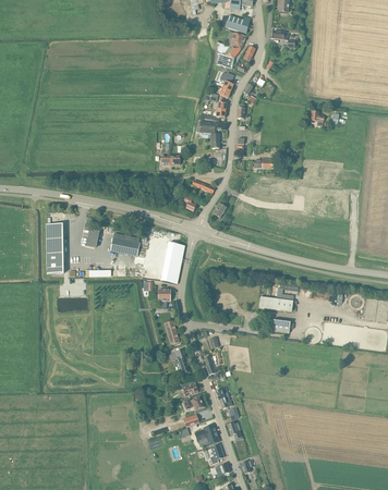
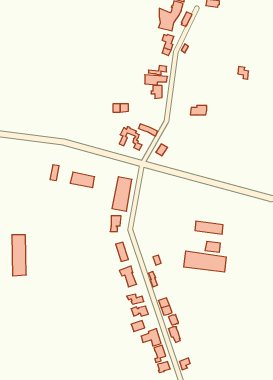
building: [46,223,63,272] -> [12,235,26,276]
building: none -> [184,251,226,272]

